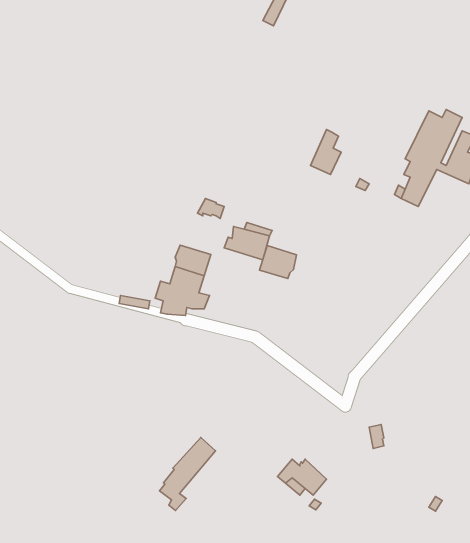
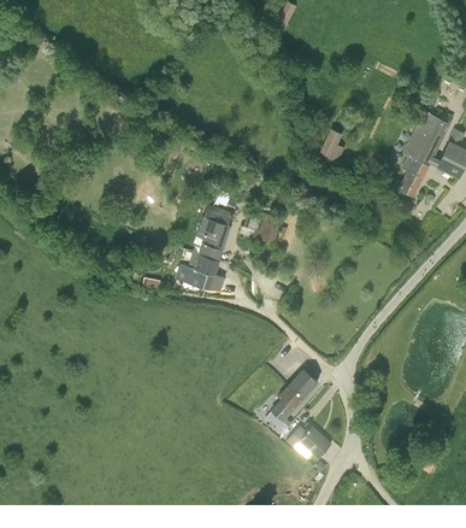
building: none -> [199,204,232,240]
building: [260,246,296,279] -> none
building: [160,438,215,511] -> [267,369,318,435]

